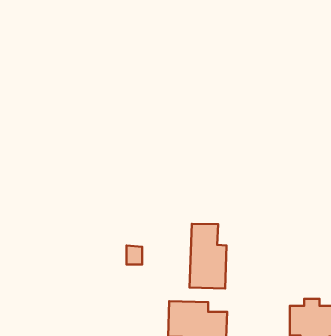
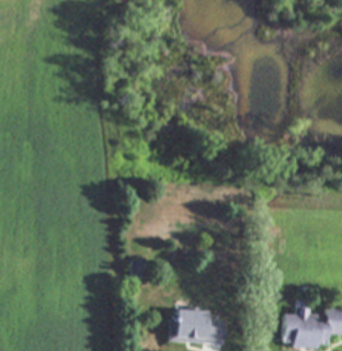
building: [189,224,227,289] -> none

